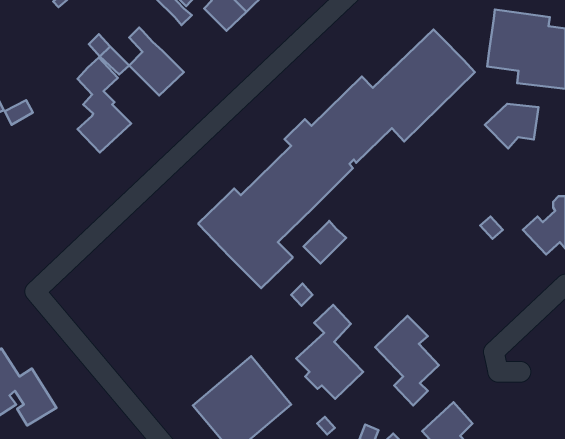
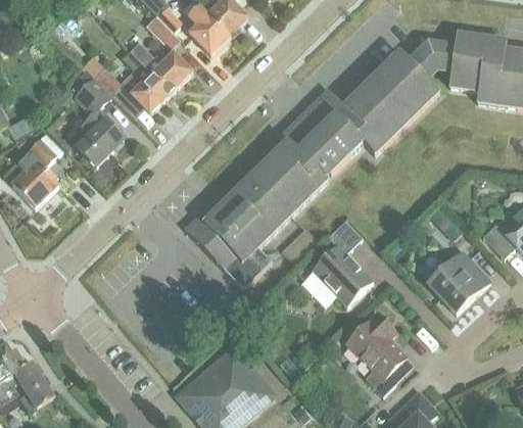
building: none -> [131,41,192,90]
building: [485,104,538,148] -> [406,38,455,79]
building: none -> [11,130,61,206]
building: none -> [427,249,489,312]
building: [296,305,363,399] -> [311,219,372,304]

